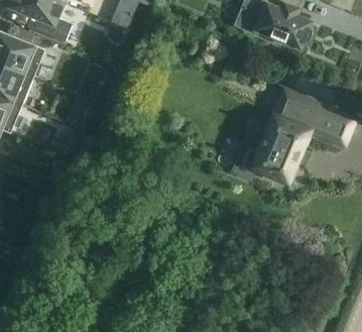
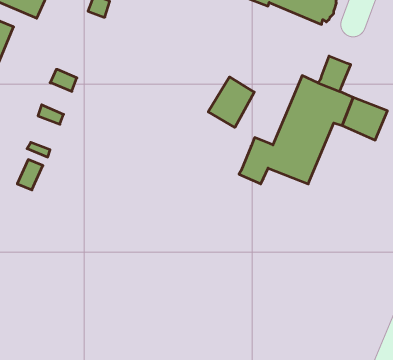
building: none -> [208,77,254,127]

